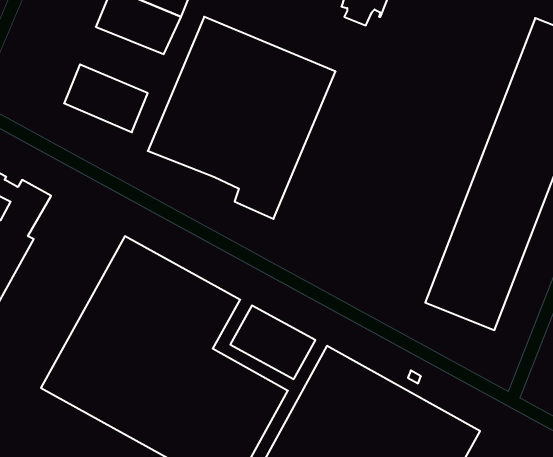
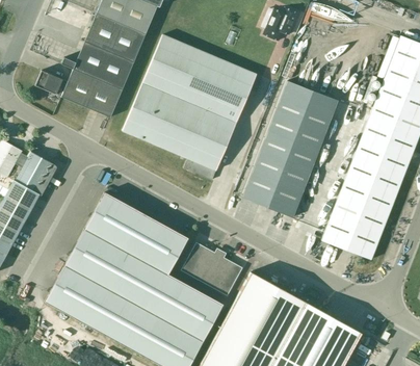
building: none -> [61,42,133,89]
building: none -> [34,71,62,95]
building: none -> [242,81,338,217]

